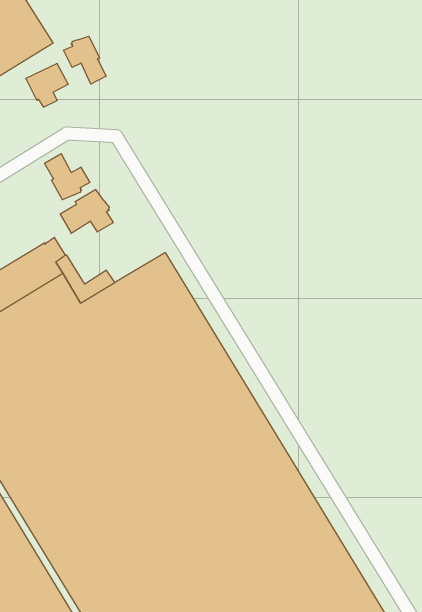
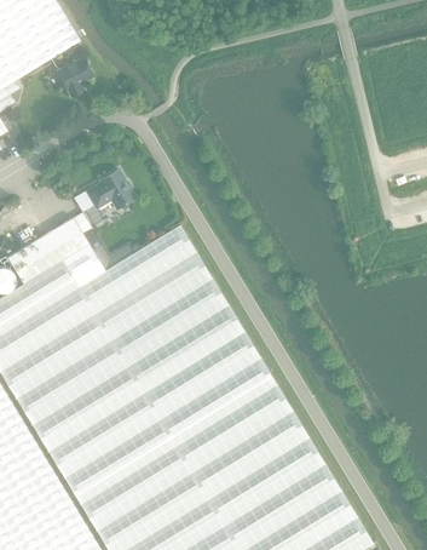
building: [64,36,106,84] -> none
building: [45,154,90,200] -> none

